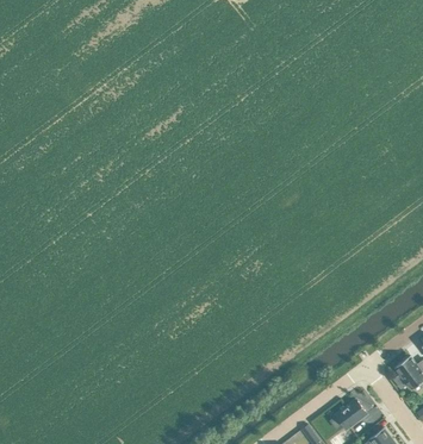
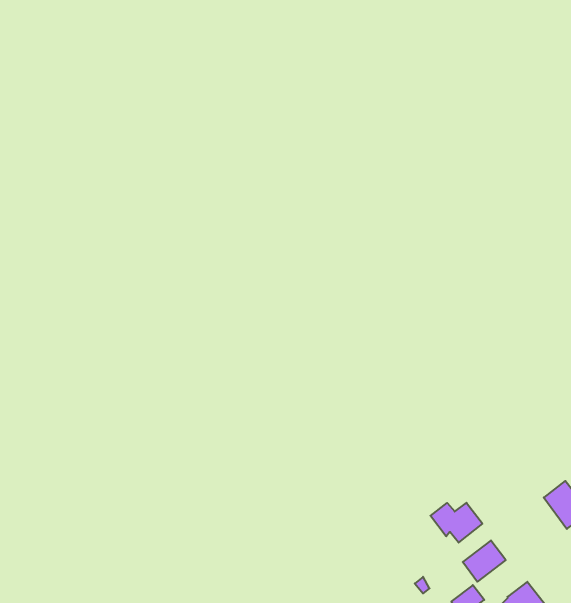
building: none -> [430,503,482,543]

